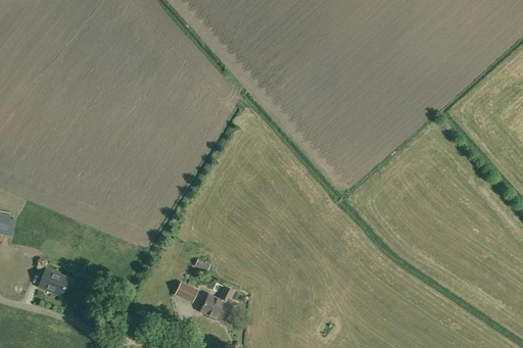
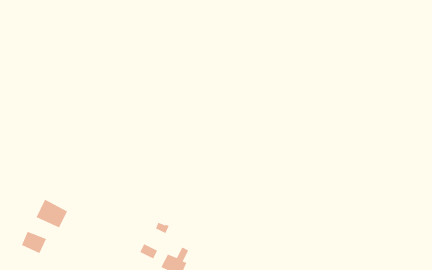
building: none -> [36,199,68,228]

